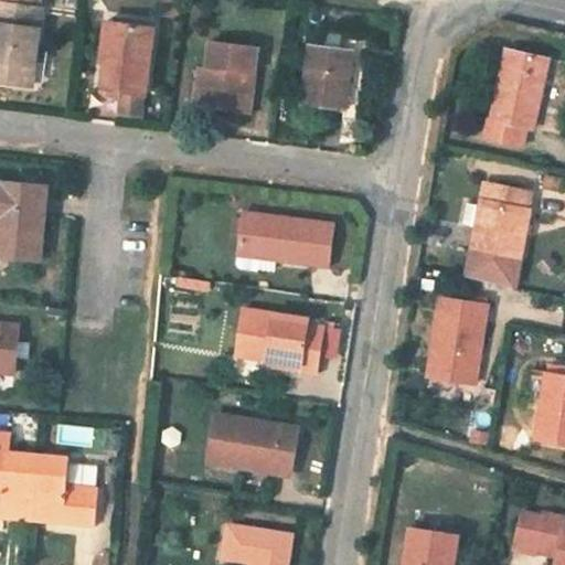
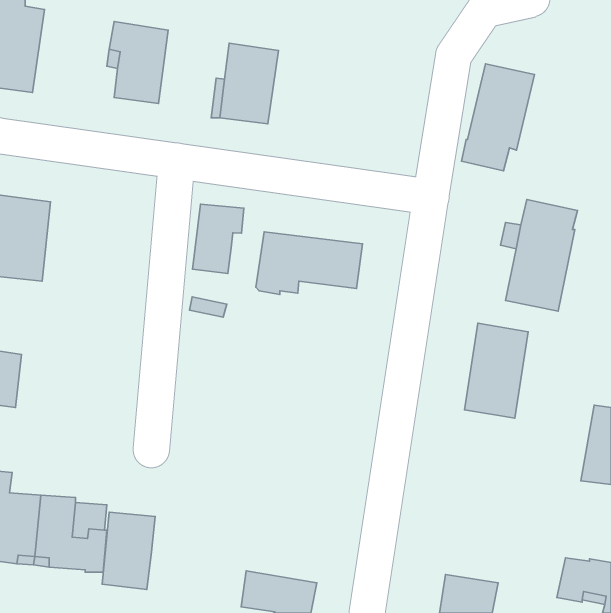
building: [302,44,352,108] -> none
building: [482,49,550,147] -> [461,64,535,171]
building: none -> [192,204,244,273]
building: [234,308,324,372] -> none
building: [205,414,298,475] -> none
building: none -> [102,512,155,589]

